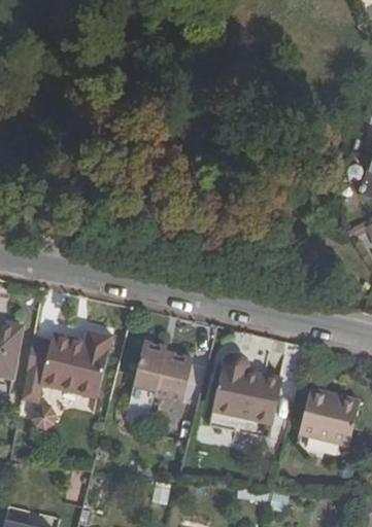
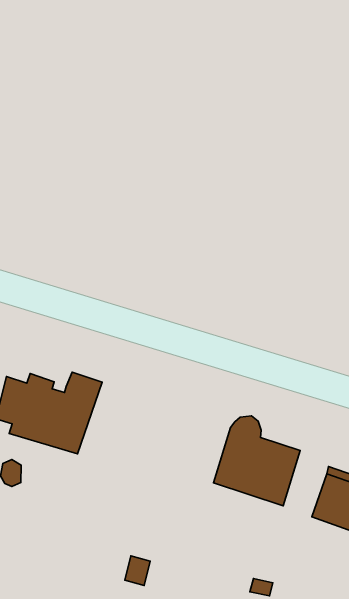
building: [135,343,194,399] -> none

